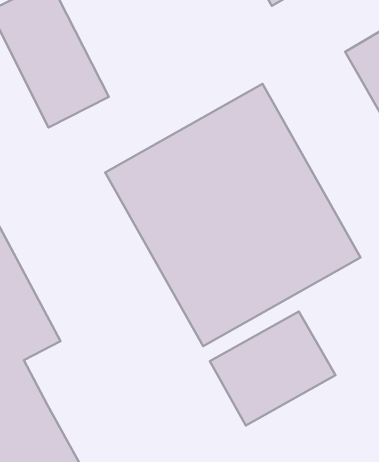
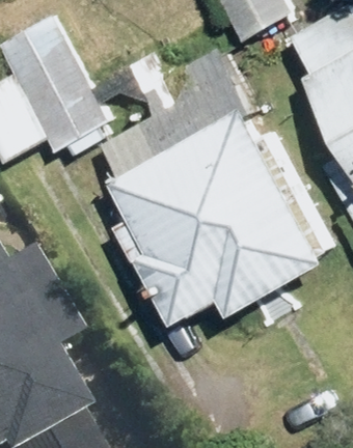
building: [210,311,335,426] -> none

